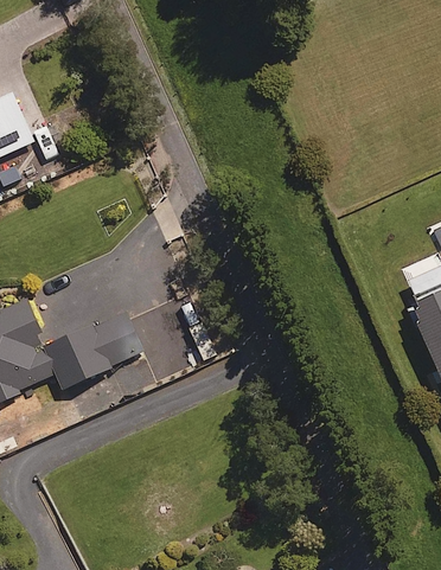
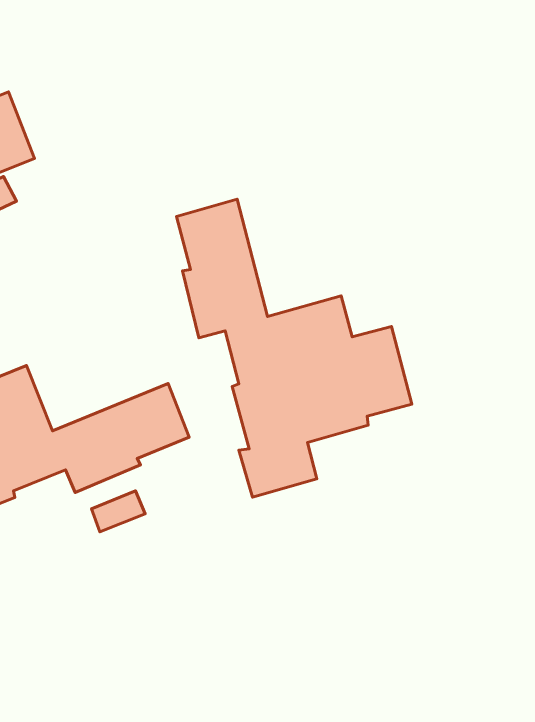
building: none -> [177,199,412,497]

